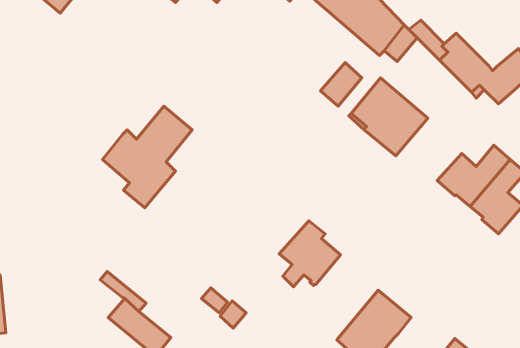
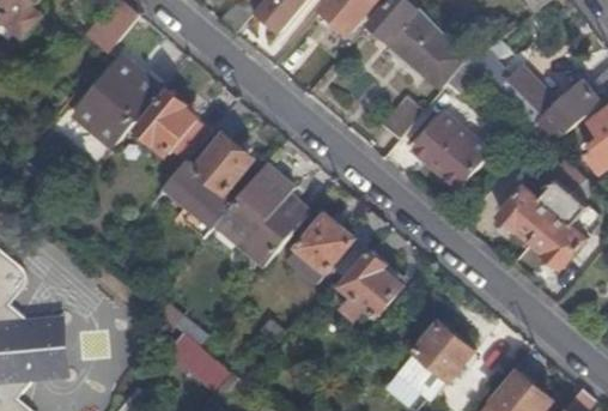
building: none -> [67,56,158,151]
building: none -> [134,90,208,165]
building: none -> [212,164,305,267]
building: none -> [285,212,383,285]

